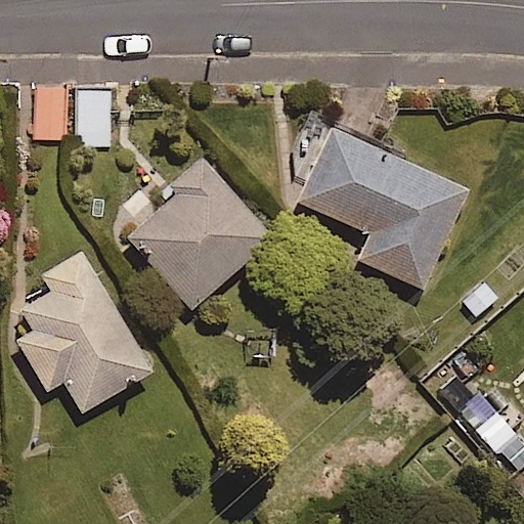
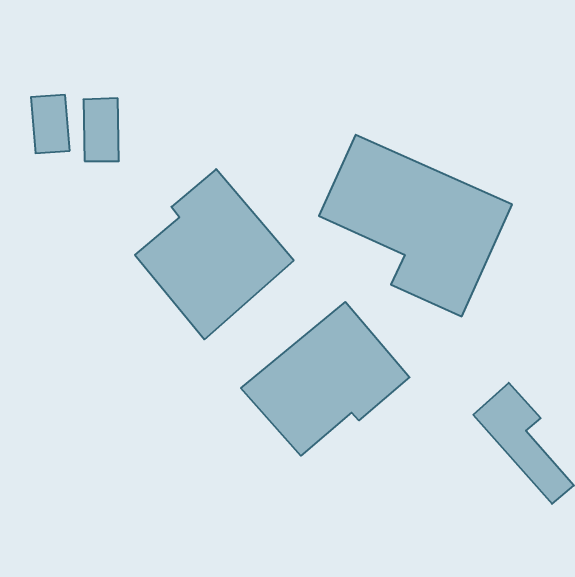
building: [12,251,152,412] -> none
building: none -> [241,302,410,456]

